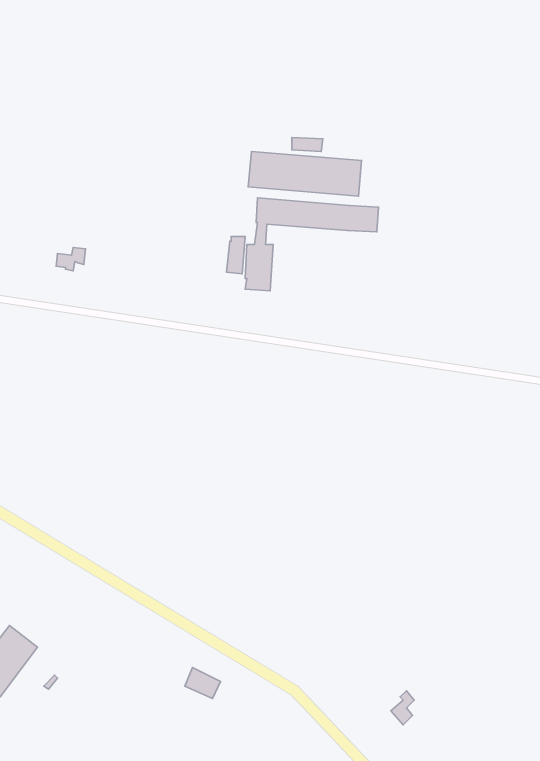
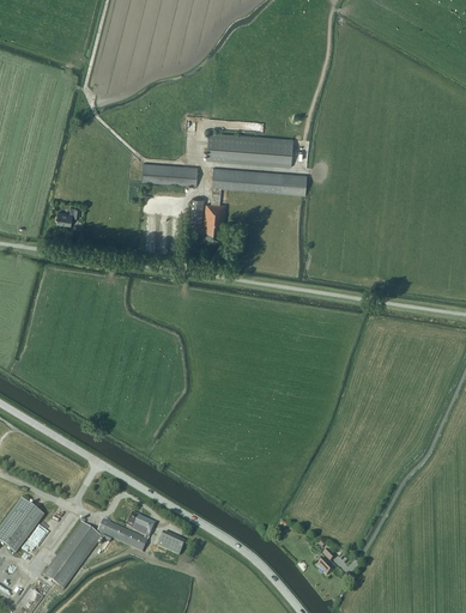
building: none -> [143,162,198,184]
building: none -> [42,511,156,588]

